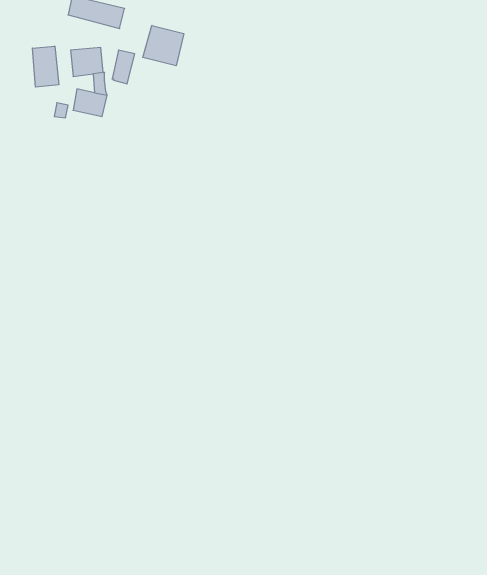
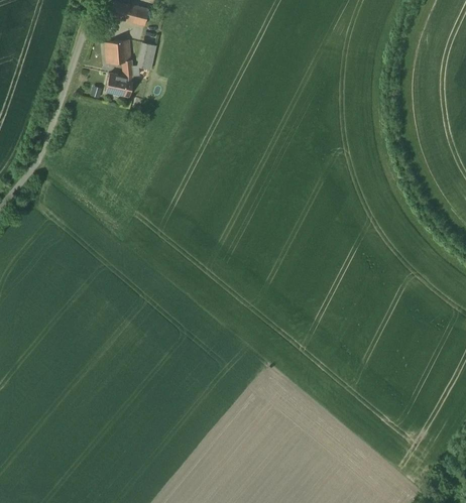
building: [143,25,184,66] -> none
building: [32,46,59,87] -> none

